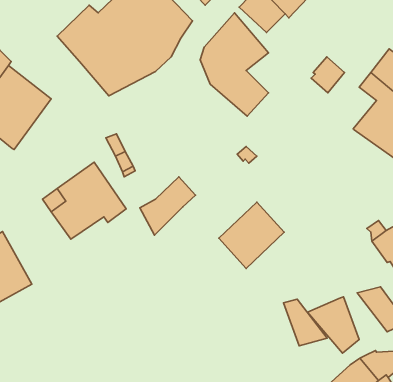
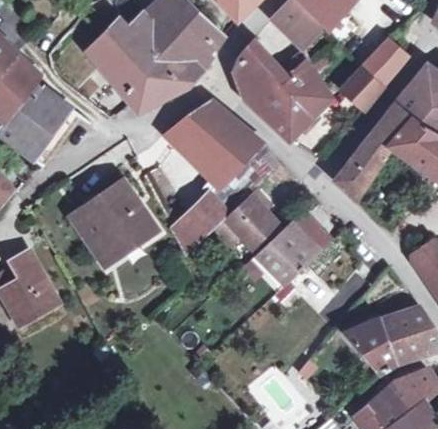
building: none -> [360,38,407,87]
building: none -> [279,63,324,140]
building: none -> [168,101,262,183]
building: none -> [337,102,413,200]
building: none -> [214,188,278,247]
building: [284,299,327,346] -> [379,313,424,361]

